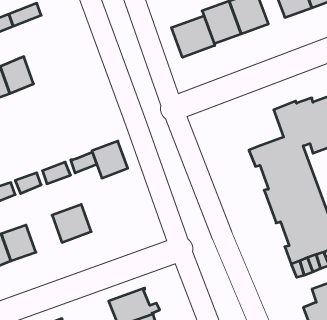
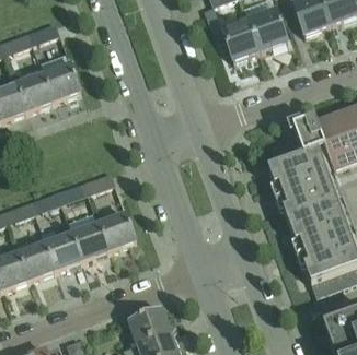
building: [171,16,215,57] -> none
building: none -> [42,62,81,100]
building: [92,141,128,178] -> [100,212,136,249]
building: none -> [42,227,80,270]

